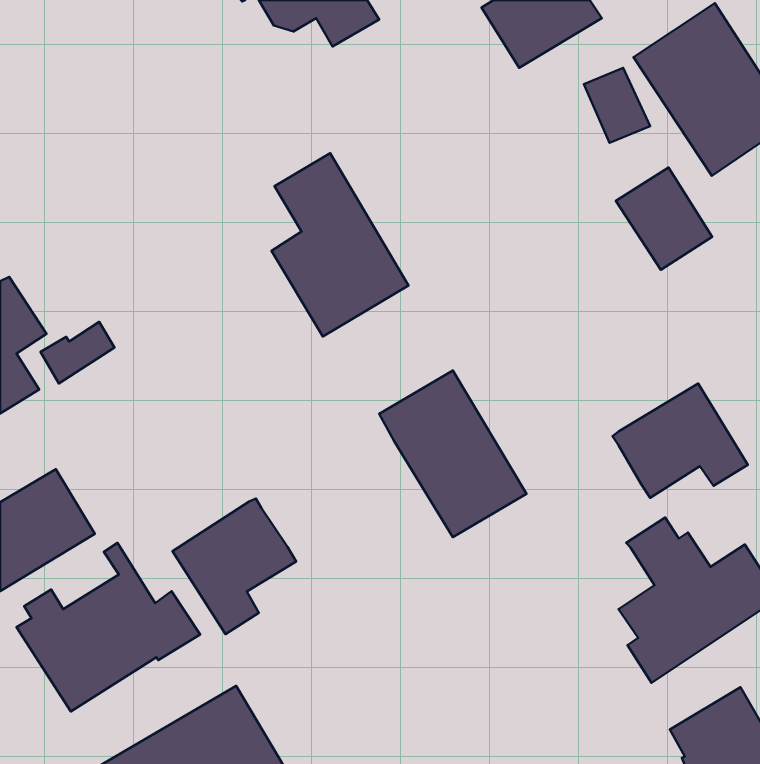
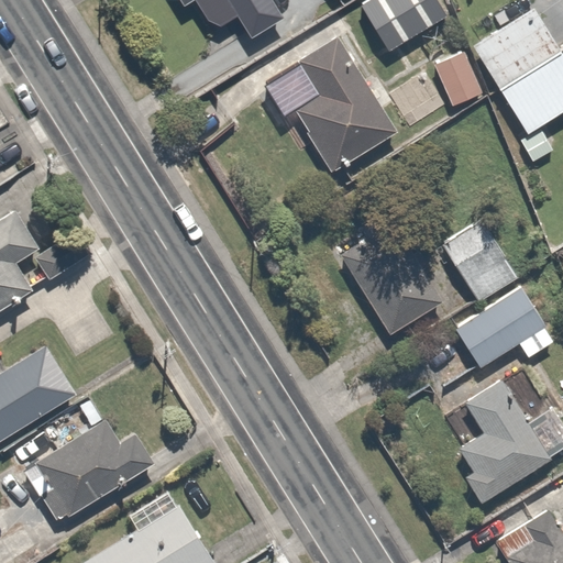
building: [272,153,408,337] -> [295,36,395,170]
building: [616,168,712,270] -> [446,225,517,300]
building: [379,370,526,537] -> [333,212,441,334]
building: [172,498,296,634] -> none

